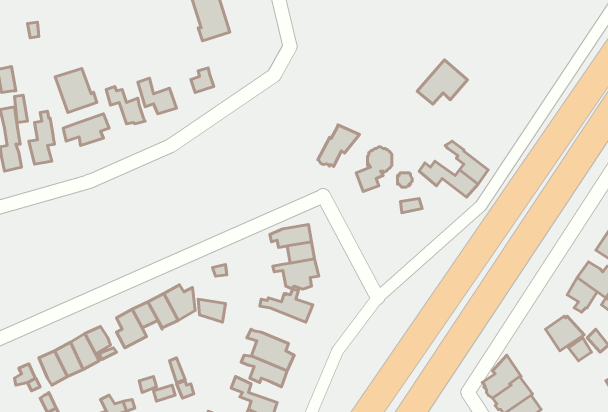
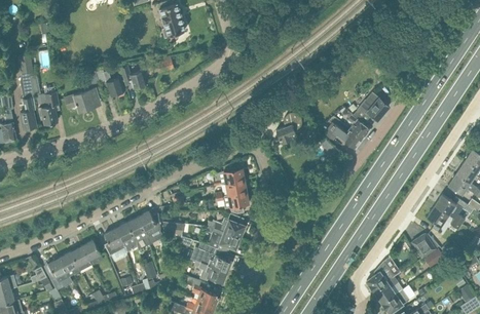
building: [417,60,467,104] -> [353,92,389,124]
building: [55,68,97,113] -> none
building: [318,125,359,166] -> none
building: none -> [208,228,239,253]

